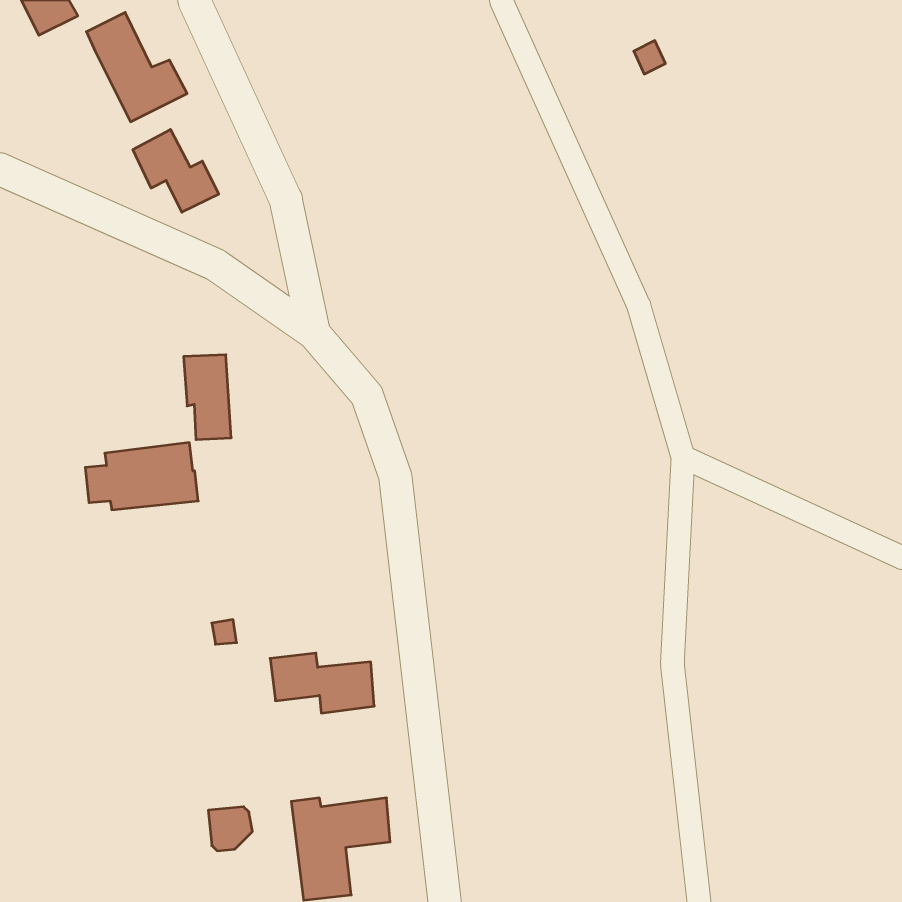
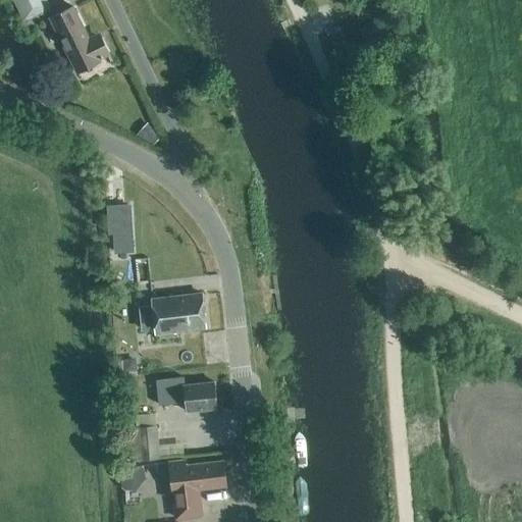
building: [133,129,219,212] -> none
building: [85,443,198,510] -> [141,294,206,332]
building: none -> [126,426,160,462]

